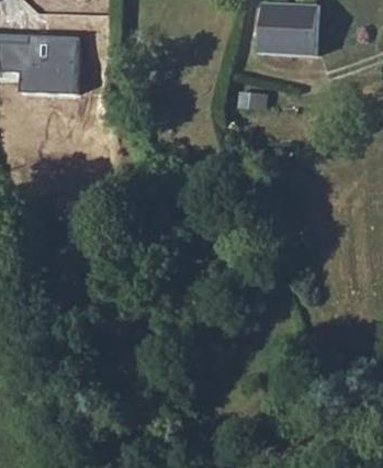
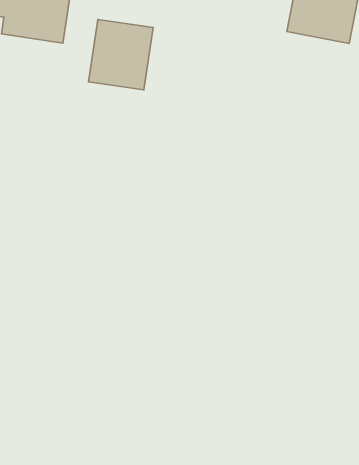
building: none -> [88,19,153,90]

